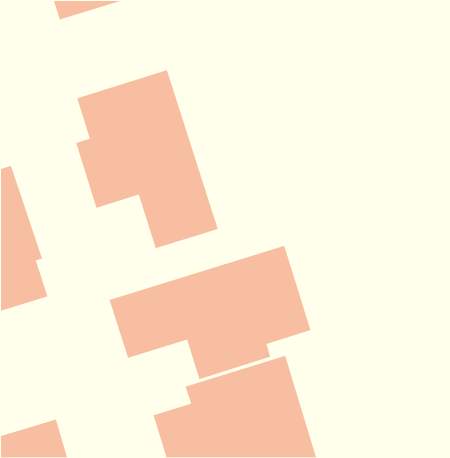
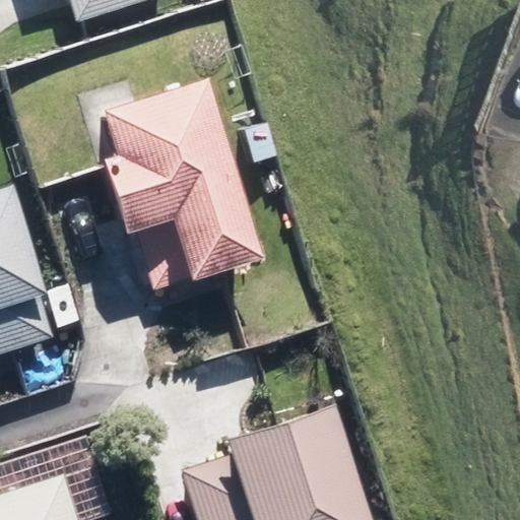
building: [109,245,312,380] -> none

